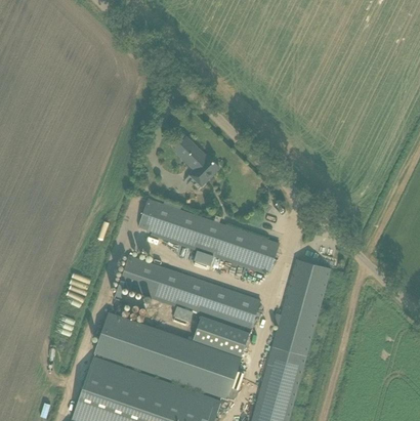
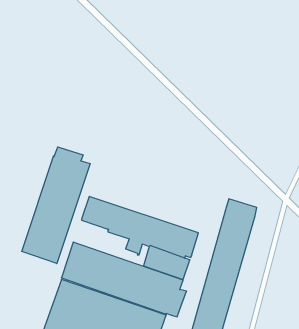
building: [173,136,218,188] -> none
building: none -> [22,147,90,264]
building: [137,199,279,273] -> none

